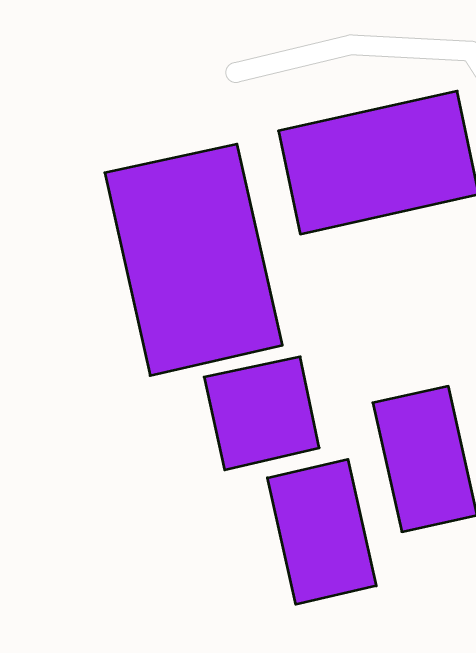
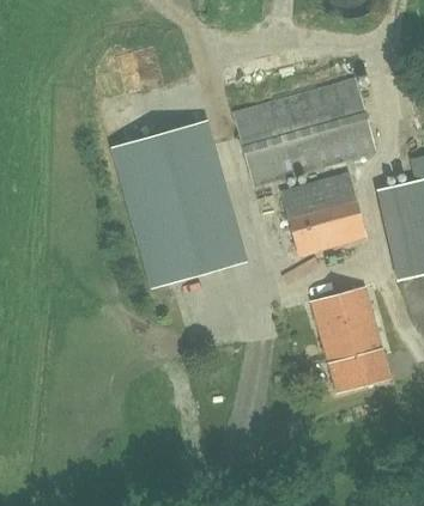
building: [204,357,319,470] -> [281,171,365,254]
building: [267,459,376,604] -> none

